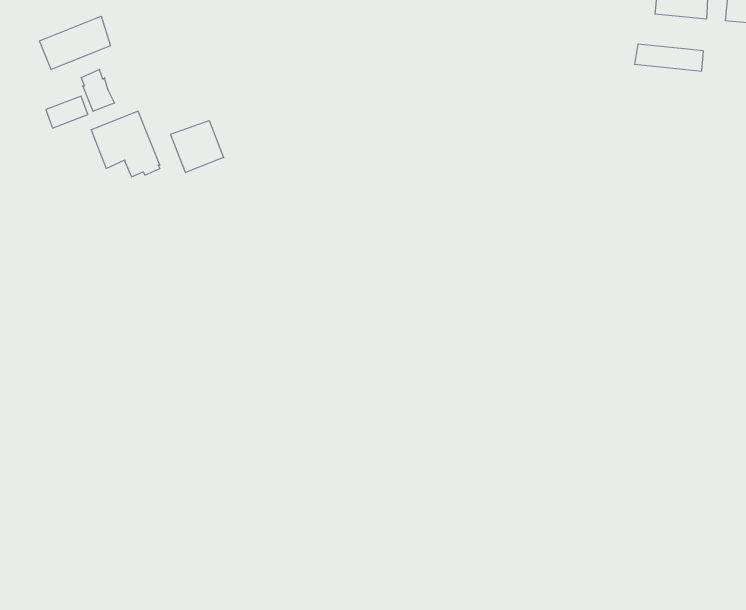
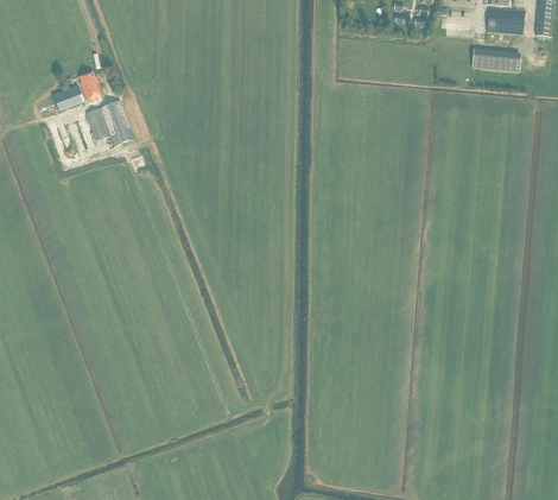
building: [40,16,111,70] -> none
building: [171,121,224,173] -> none

